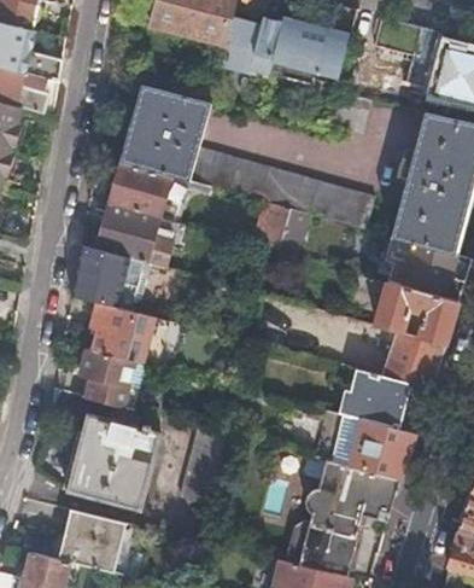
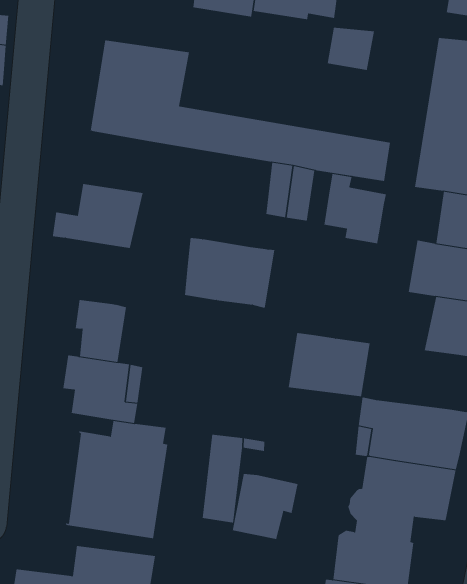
building: [110,161,171,217] -> none
building: none -> [324,173,386,244]
building: [70,246,151,313] -> [184,237,275,308]
building: [339,367,412,427] -> [288,332,370,397]
building: none -> [232,473,298,540]

